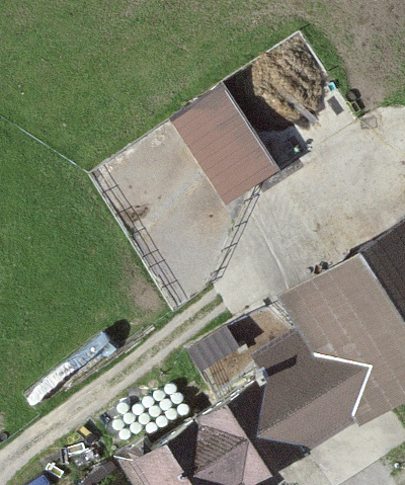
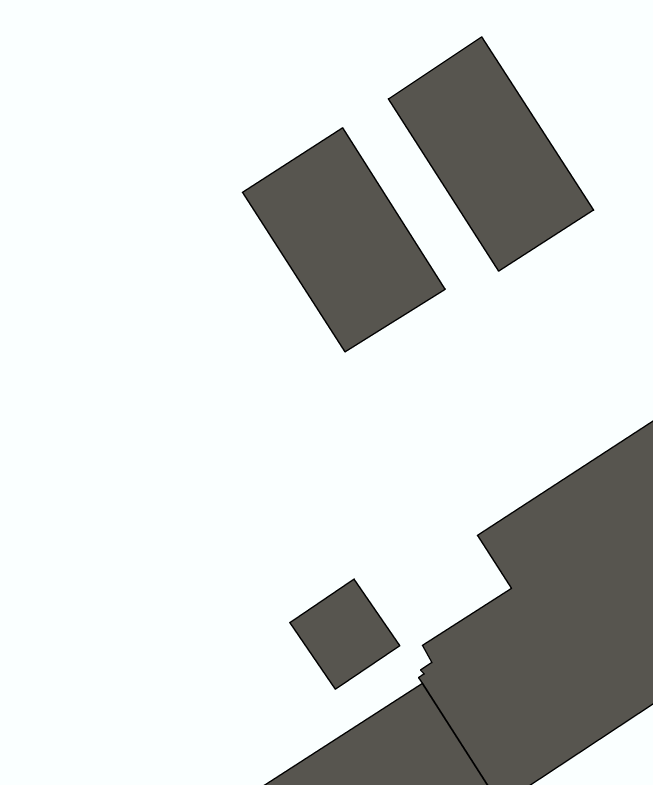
building: none -> [388,37,594,271]

